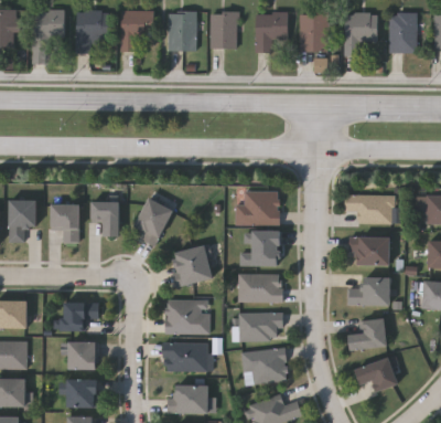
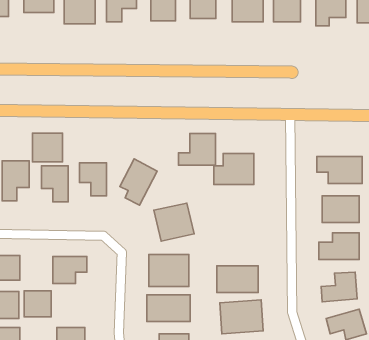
building: none -> [33,133,63,162]
building: [239,231,279,265] -> [179,133,216,165]
building: [238,273,281,302] -> none
building: [69,341,98,369] -> [24,291,51,317]

